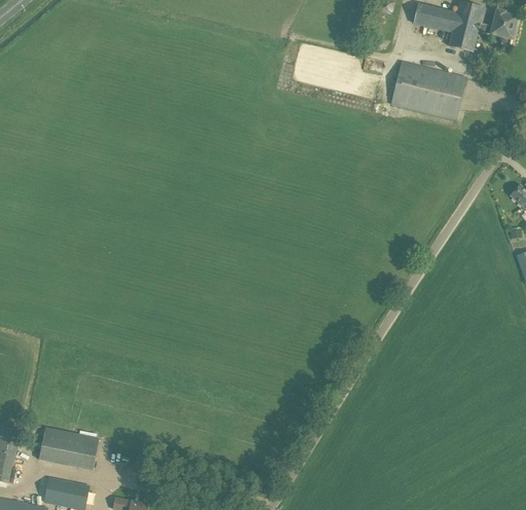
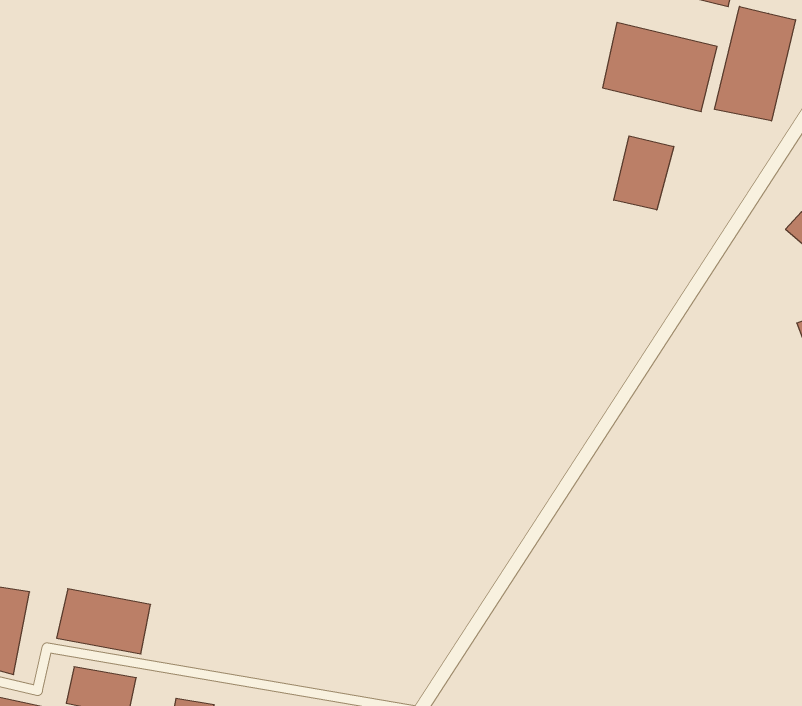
building: none -> [715,6,796,121]
building: none -> [614,136,674,210]

